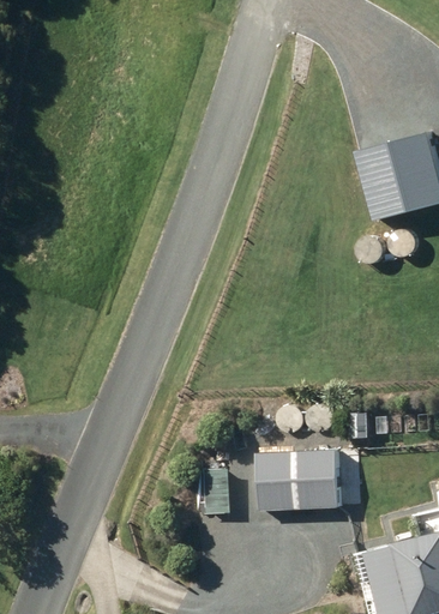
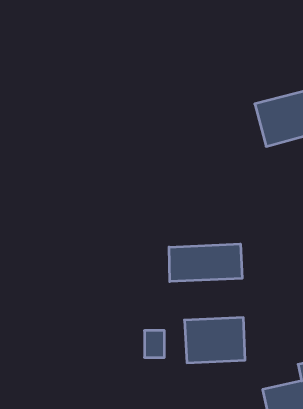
building: none -> [169,244,242,282]

